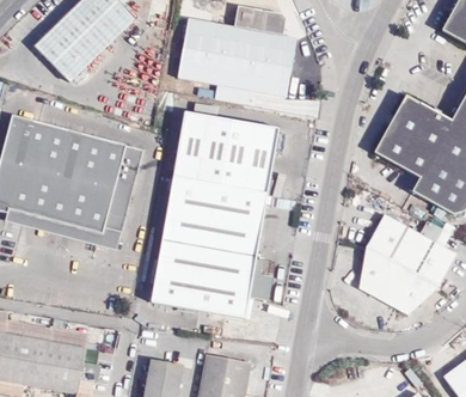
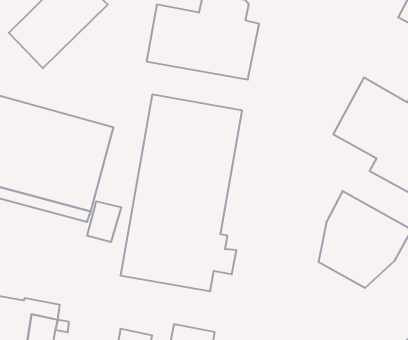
building: none -> [87,201,121,242]

